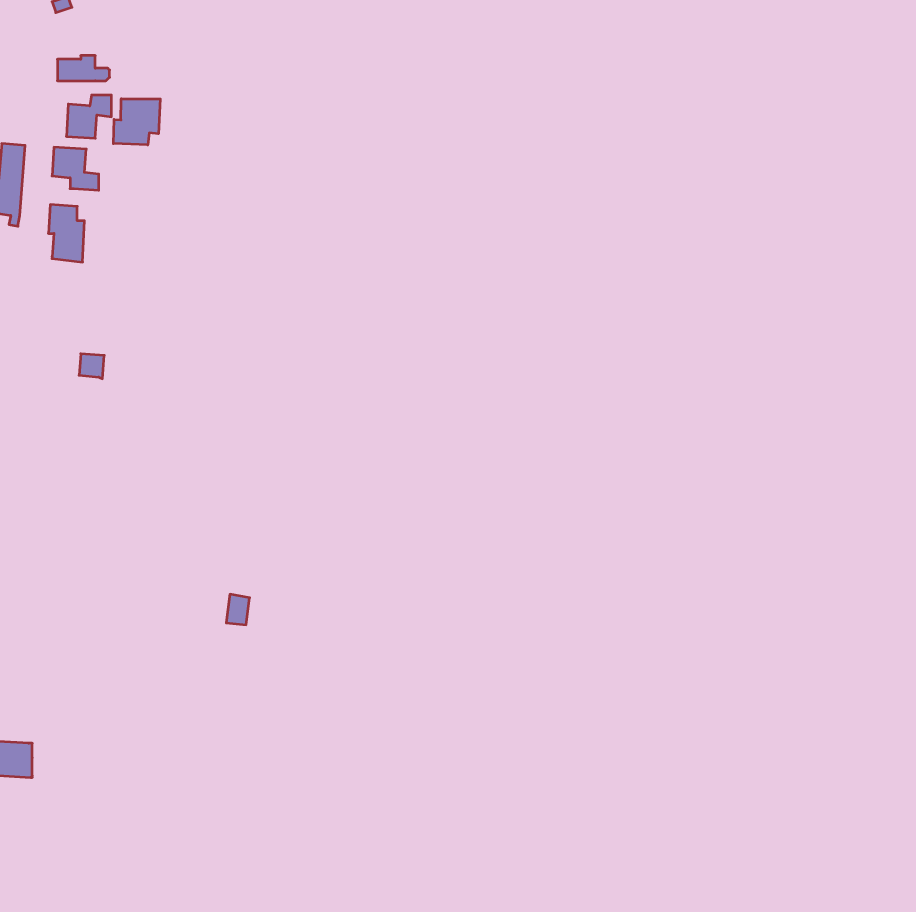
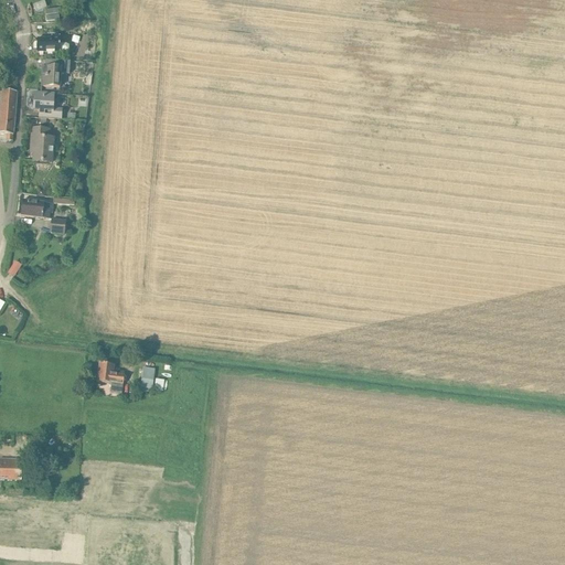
building: [113,99,160,145] -> none
building: none -> [20,198,52,216]
building: none -> [95,361,122,391]

